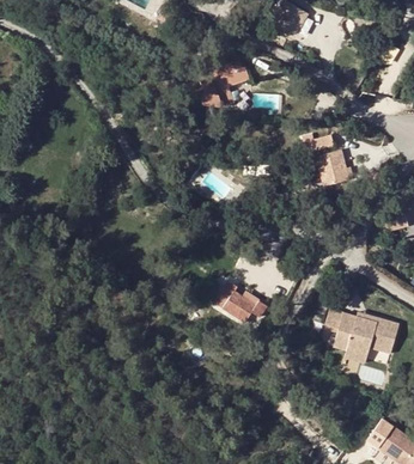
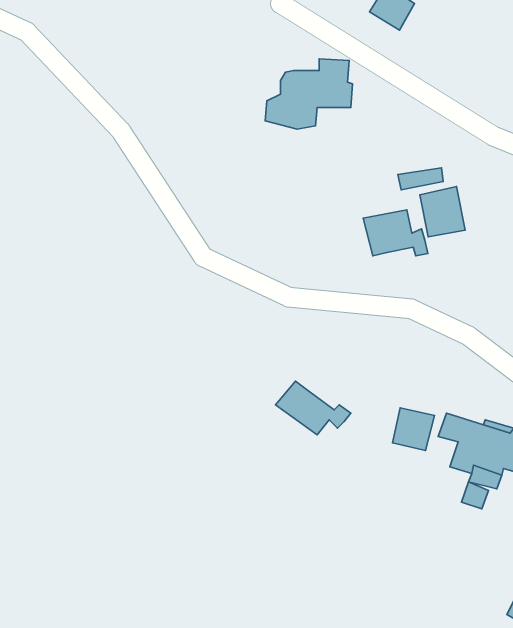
building: none -> [363,210,428,256]
building: none -> [393,408,435,450]

